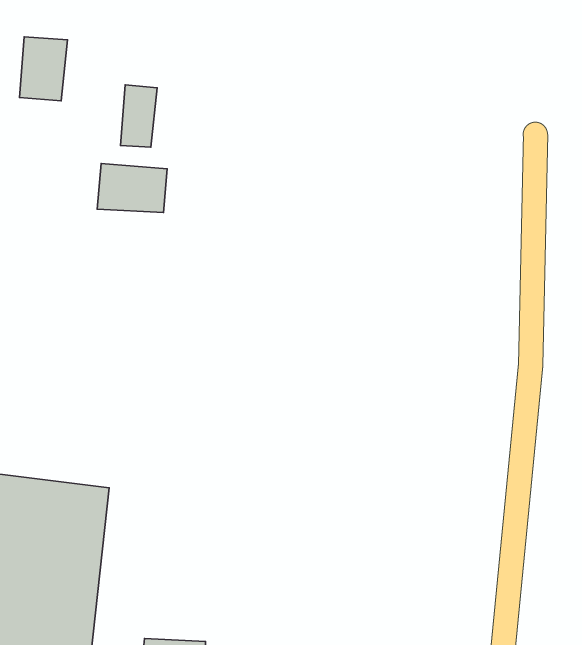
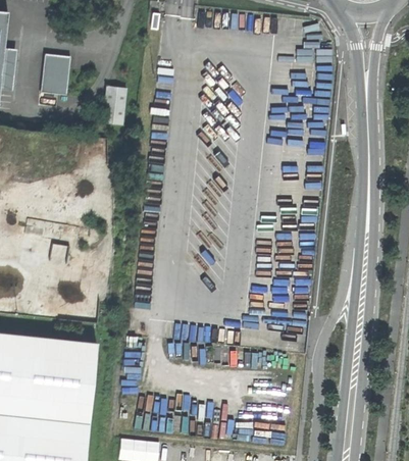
building: [97,164,167,213] -> none

